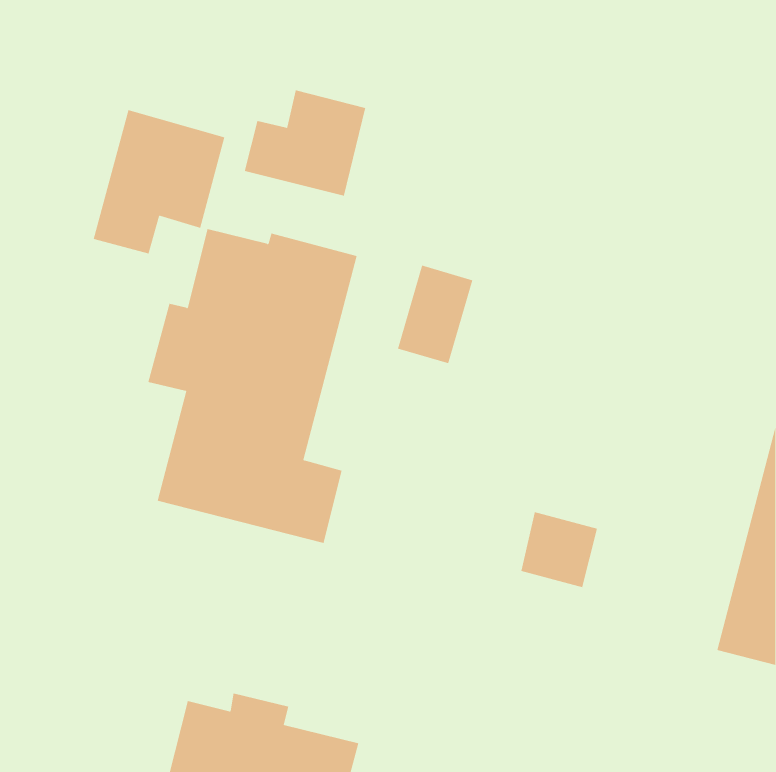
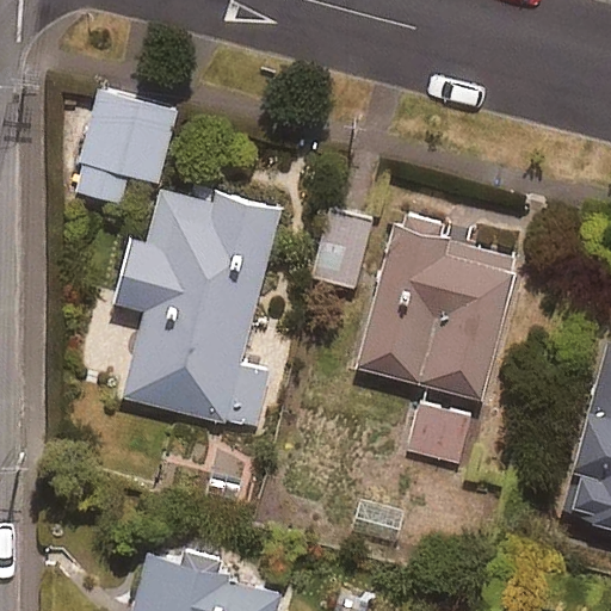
building: [244,89,366,197] -> none
building: none -> [358,214,519,401]

